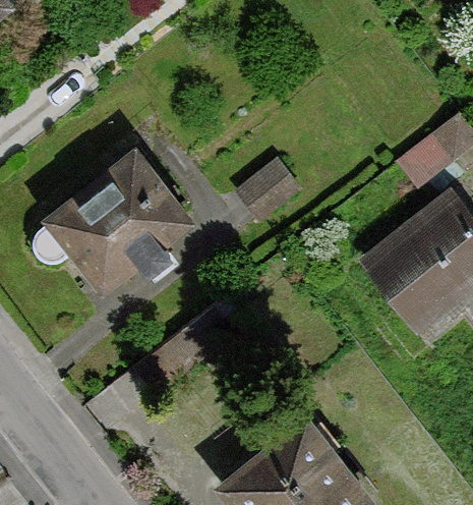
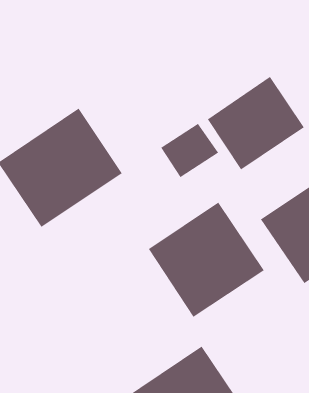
building: none -> [207,76,305,170]
building: none -> [148,202,265,318]

